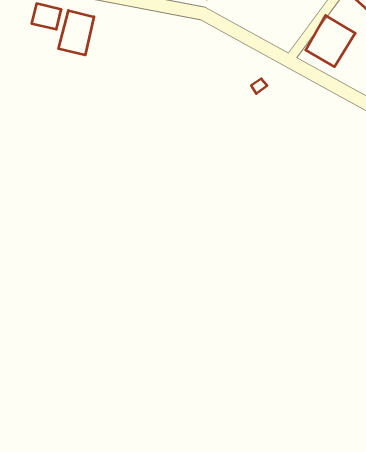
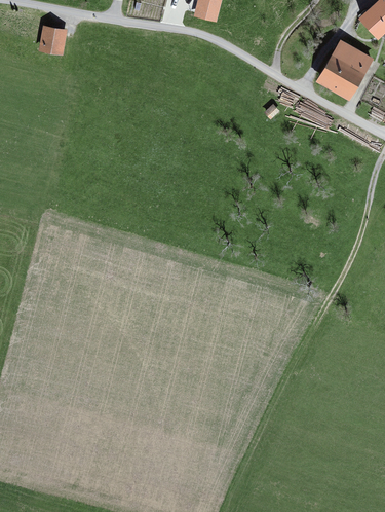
building: [59,10,94,55] -> none

